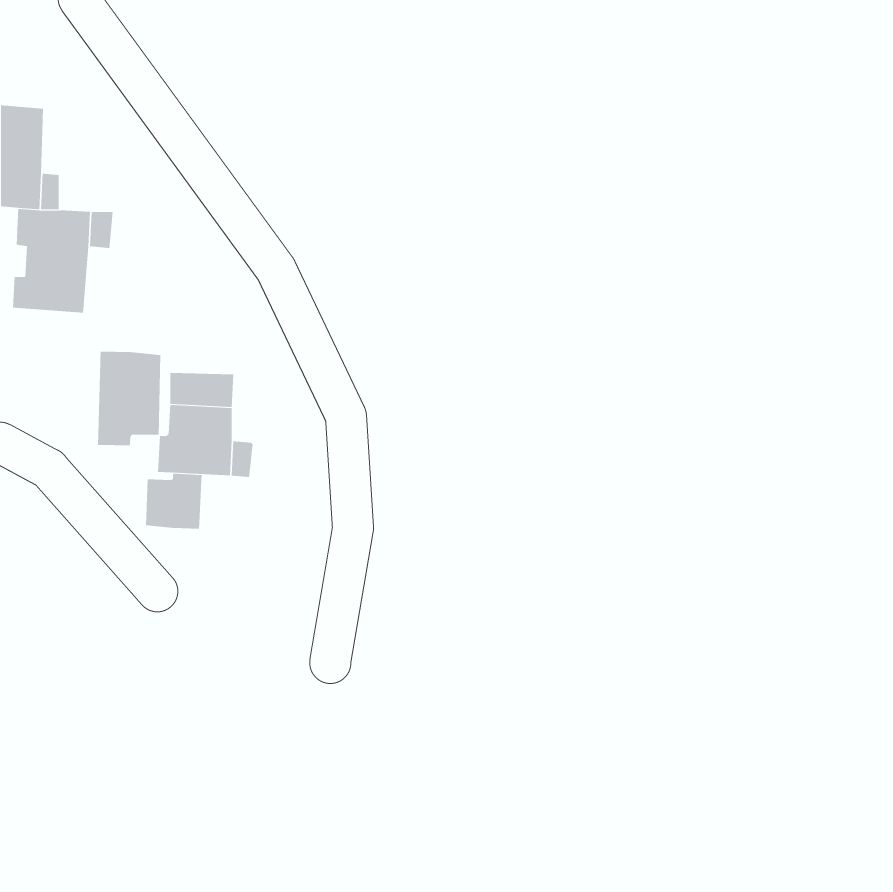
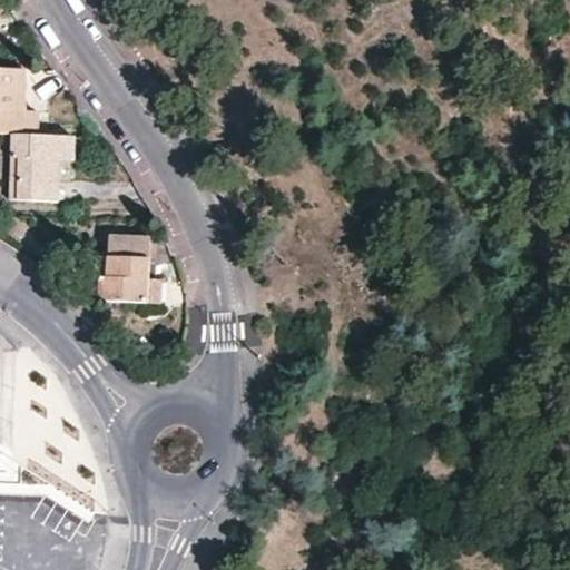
building: [98,351,161,446] -> none
building: [145,473,202,530] -> none

